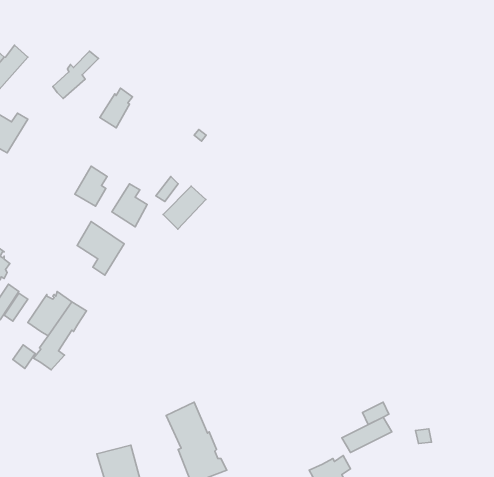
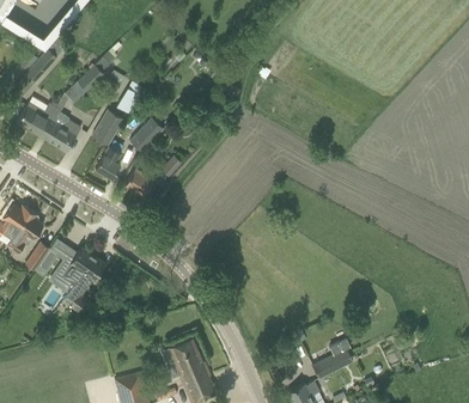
building: none -> [39,108,80,151]
building: none -> [92,109,122,145]
building: [163,186,206,229] -> [128,117,163,152]
building: [77,222,124,275] -> none

